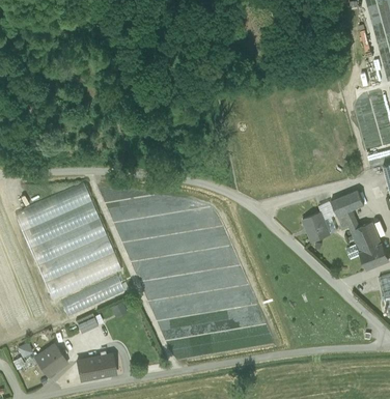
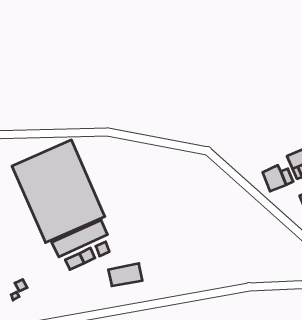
building: [35,344,67,376] -> none
building: [77,353,116,379] -> [108,263,142,286]

